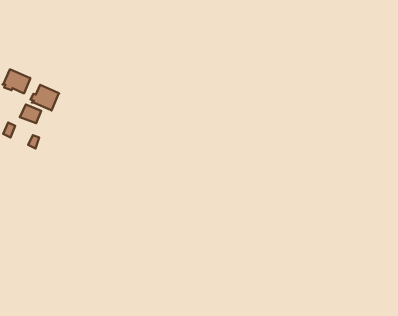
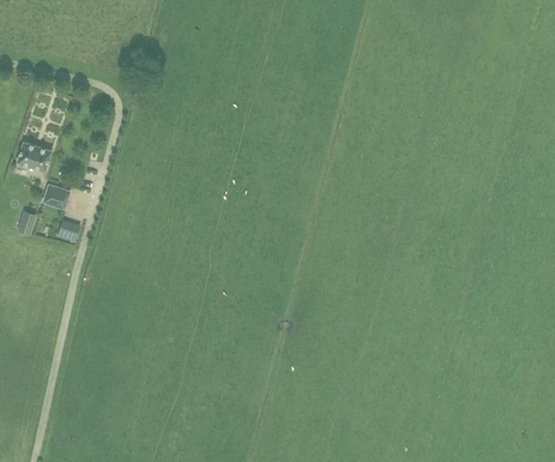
building: [30,85,59,110] -> none

